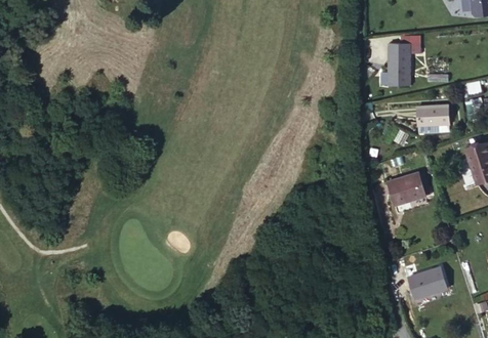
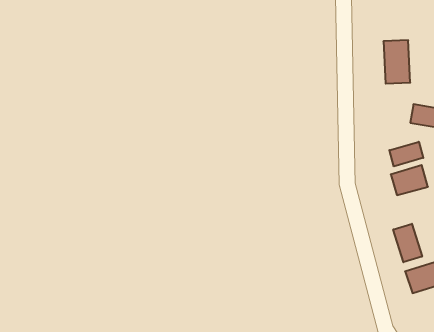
building: none -> [389,142,423,166]
building: none -> [393,224,422,262]

